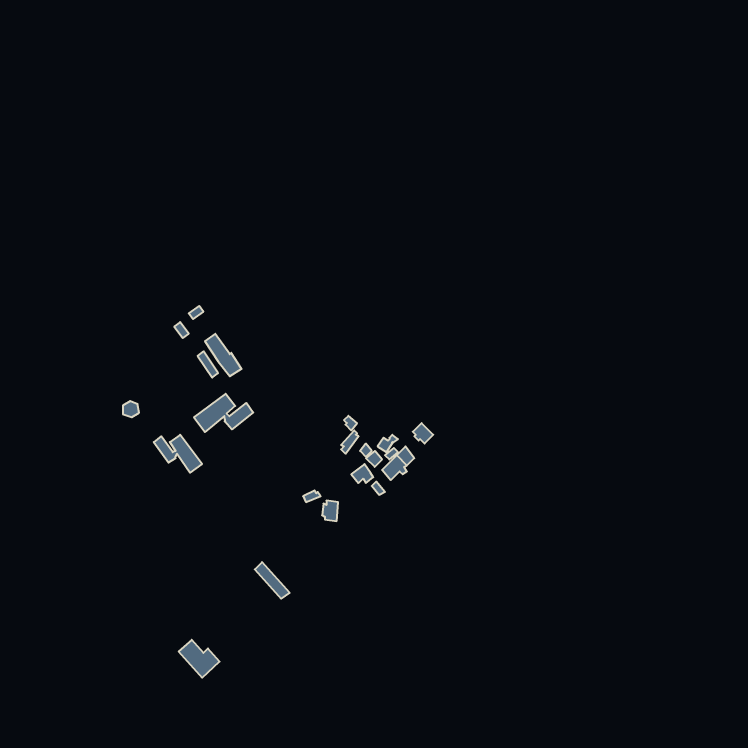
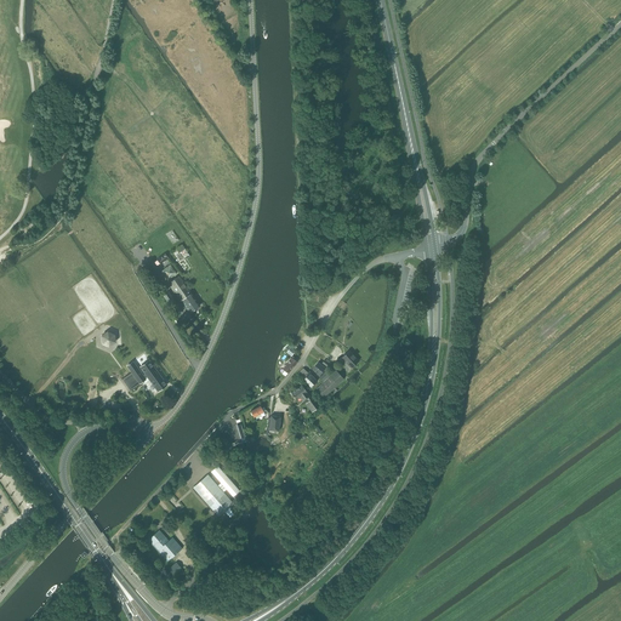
building: [194,394,253,432] -> none
building: none -> [193,474,234,517]

